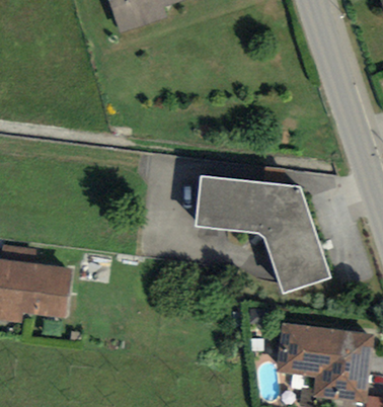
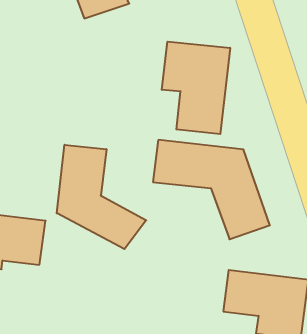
building: none -> [162,42,230,134]
building: none -> [57,145,146,249]

